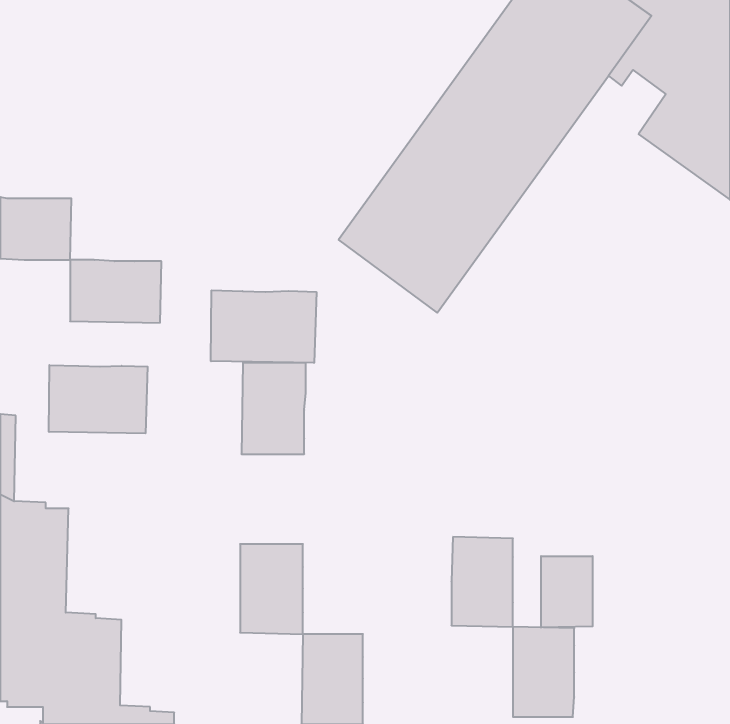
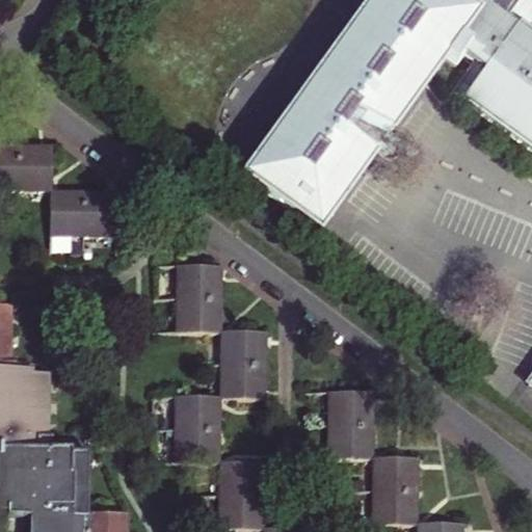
building: [211,290,316,363] -> none
building: [49,365,148,433] -> none
building: none -> [220,330,265,396]
building: [541,556,593,628] -> none

